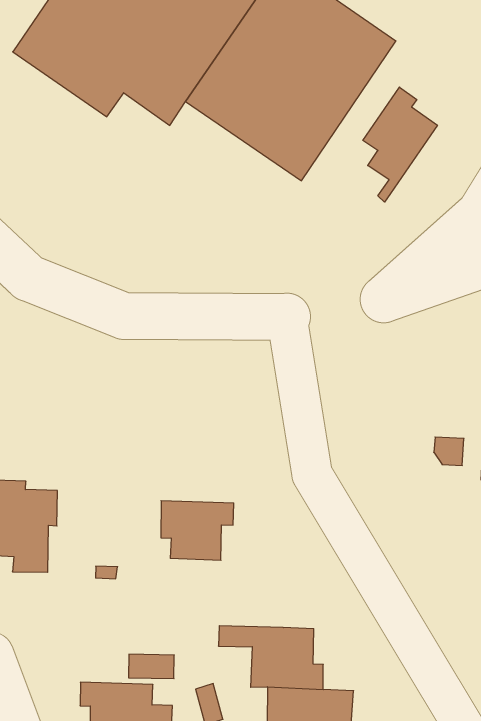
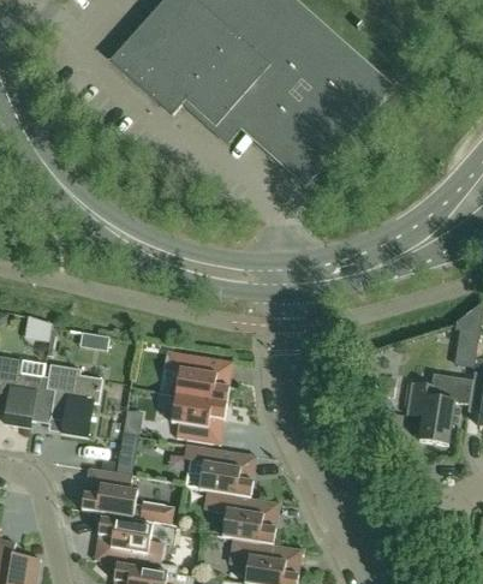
building: [363,87,437,202] -> none
building: none -> [165,350,229,403]
building: none -> [184,443,254,496]
building: none -> [82,467,137,517]

